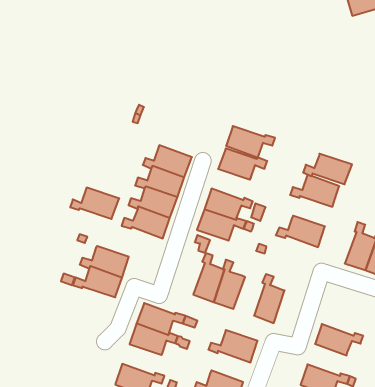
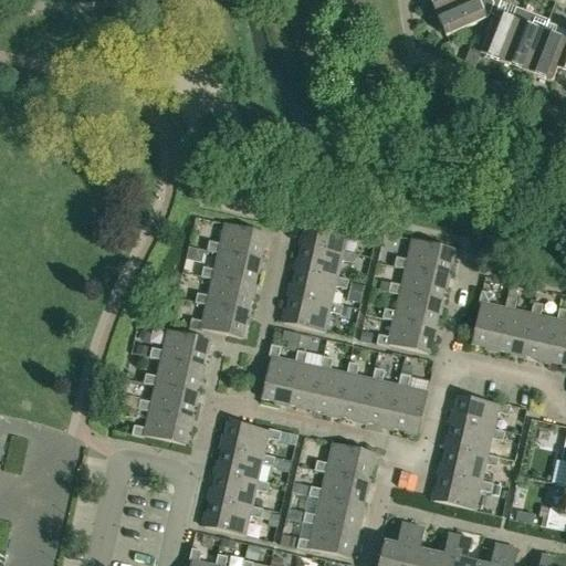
building: [226,126,275,157] -> [294,243,354,279]
building: [303,154,352,184] -> [387,265,447,300]
building: [70,188,119,219] -> [148,329,208,365]
building: none -> [375,316,434,353]
building: none -> [260,344,296,402]
building: none -> [338,361,374,420]
building: none -> [390,373,427,432]
building: none -> [130,408,190,443]
building: none -> [450,395,510,431]
building: none -> [438,447,497,483]
building: none -> [208,473,268,509]
building: none -> [307,469,367,504]

